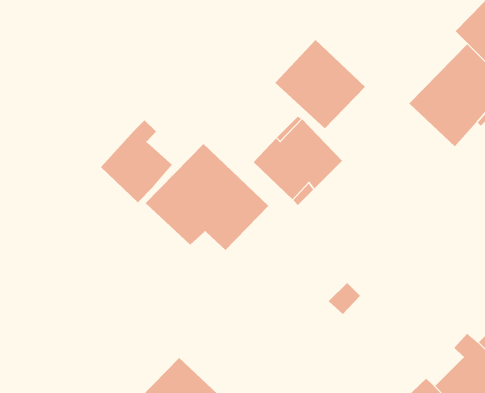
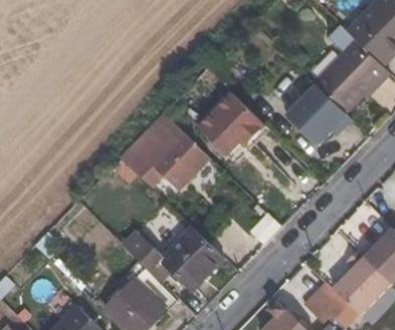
building: [274,39,366,129] -> [280,84,348,150]
building: [100,120,173,203] -> none
building: none -> [123,227,224,292]

